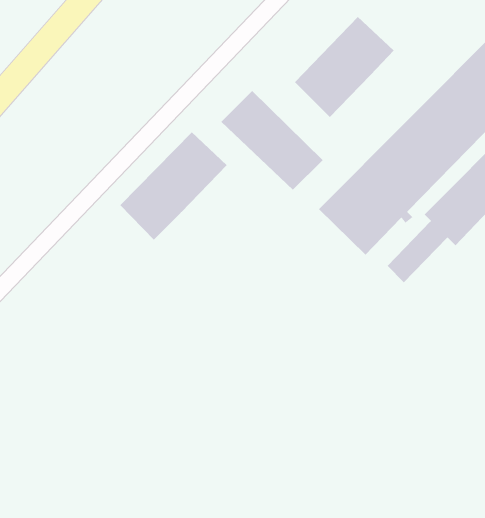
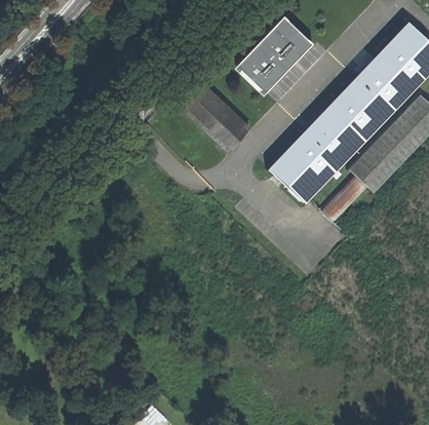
building: [120,132,228,240] -> none

